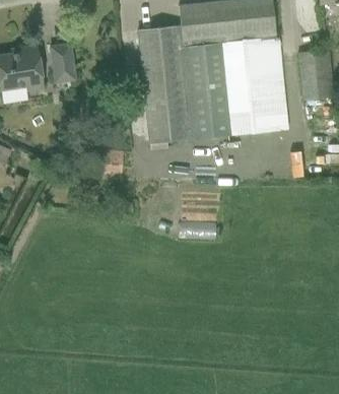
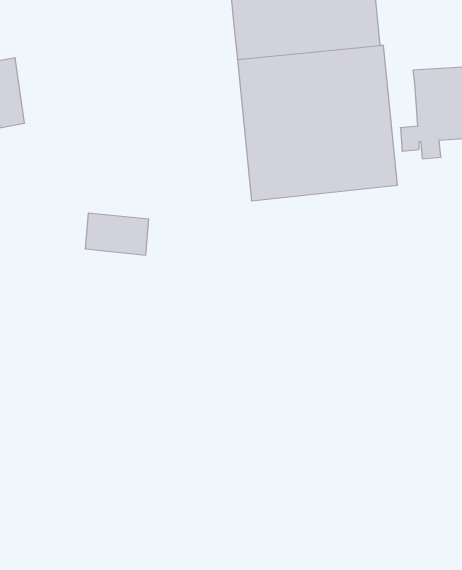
building: [138,25,192,142] -> none
building: [53,43,76,81] -> none

